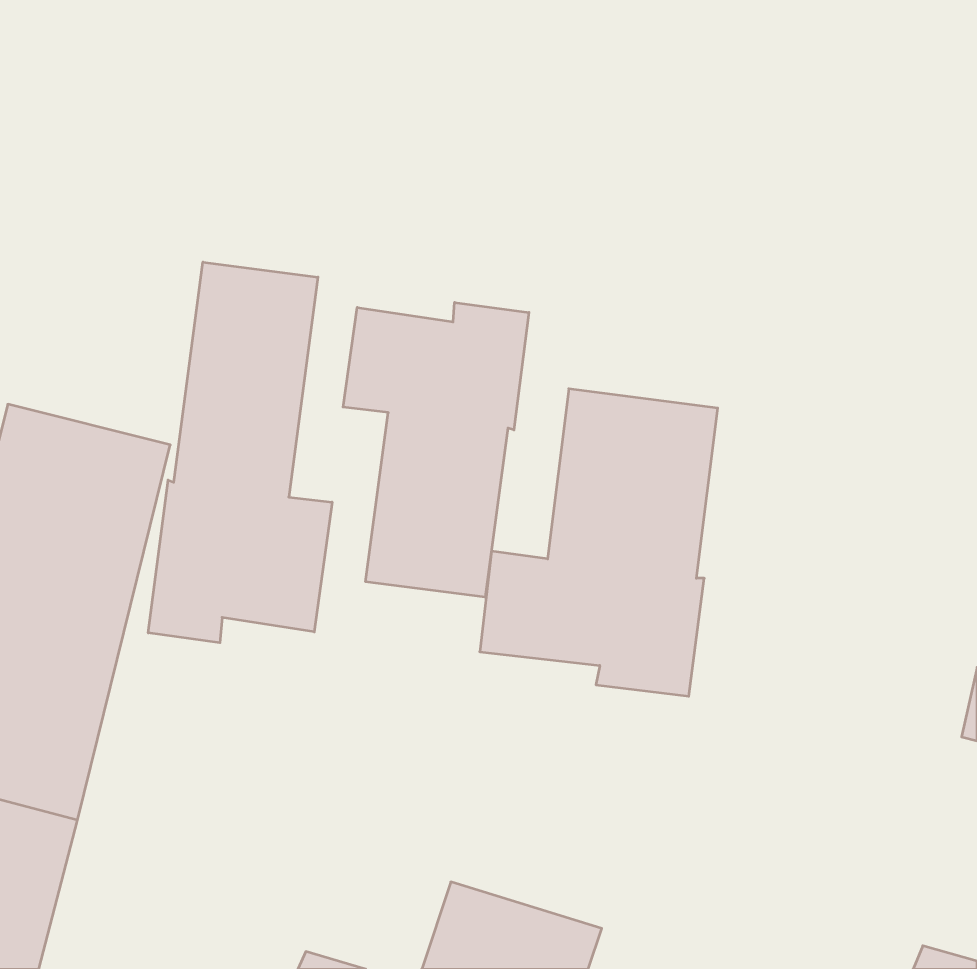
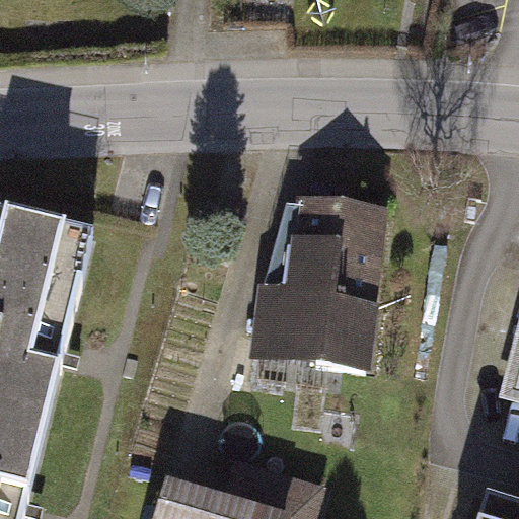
building: [148,262,332,643] -> none
building: [343,302,529,597] -> none

